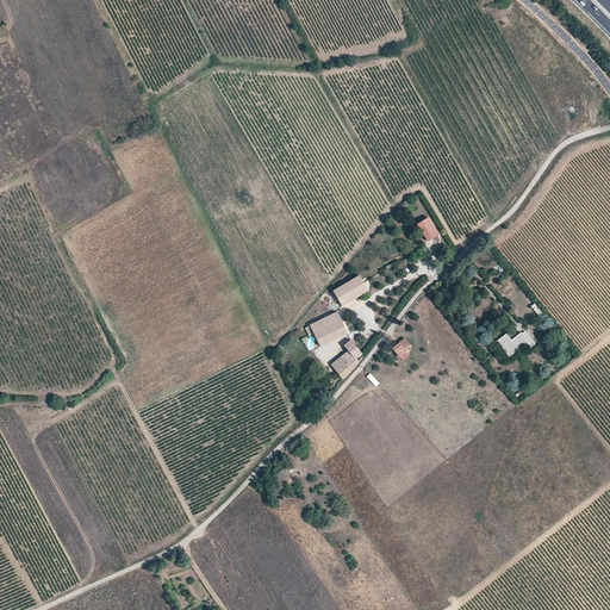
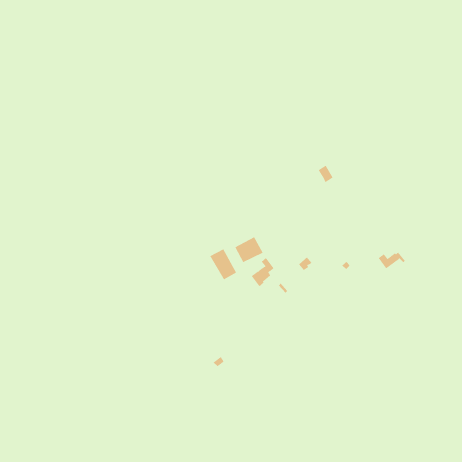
building: [332,275,368,306] -> none
building: none -> [209,248,237,280]

